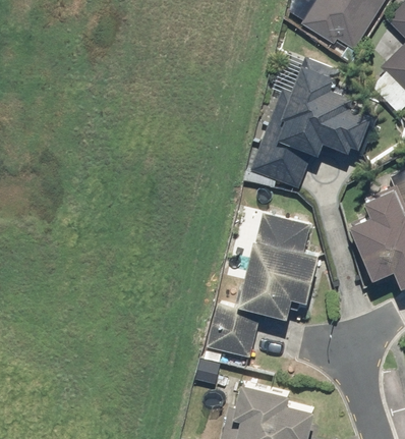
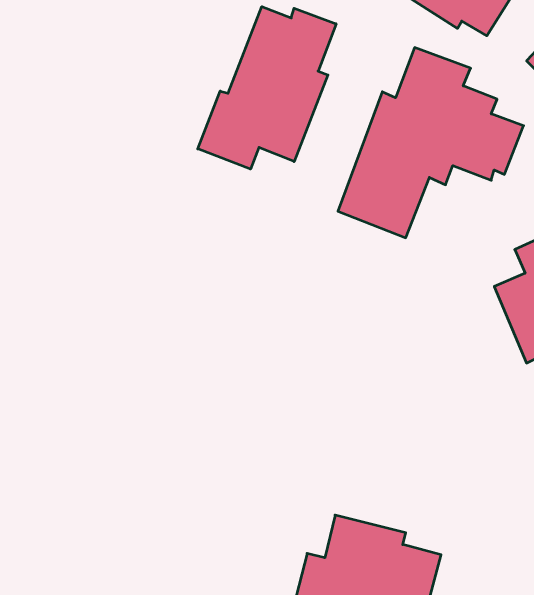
building: none -> [198,7,336,169]
building: [204,217,324,360] -> none

